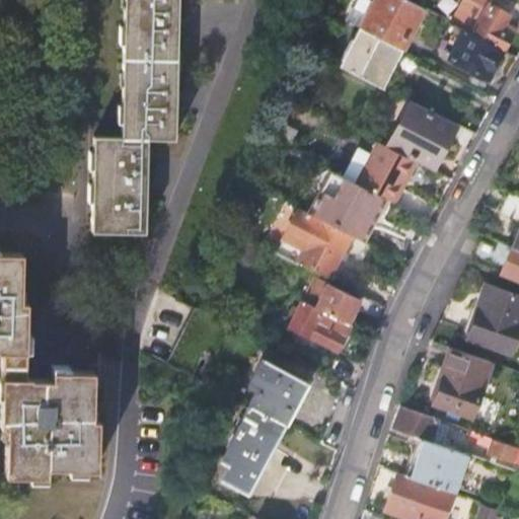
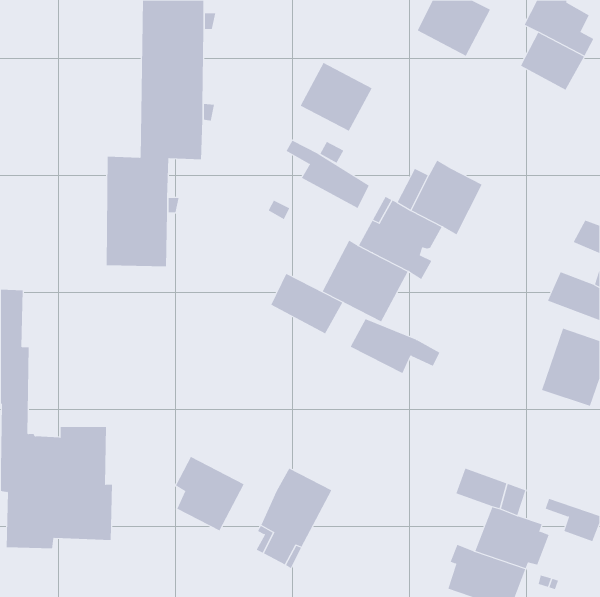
building: [340,29,402,89] -> [300,62,373,132]
building: [389,103,457,171] -> none
building: none -> [286,140,370,209]
building: [289,302,352,355] -> [270,273,343,334]
building: [436,350,493,420] -> none
building: [248,361,308,426] -> [175,456,244,531]

